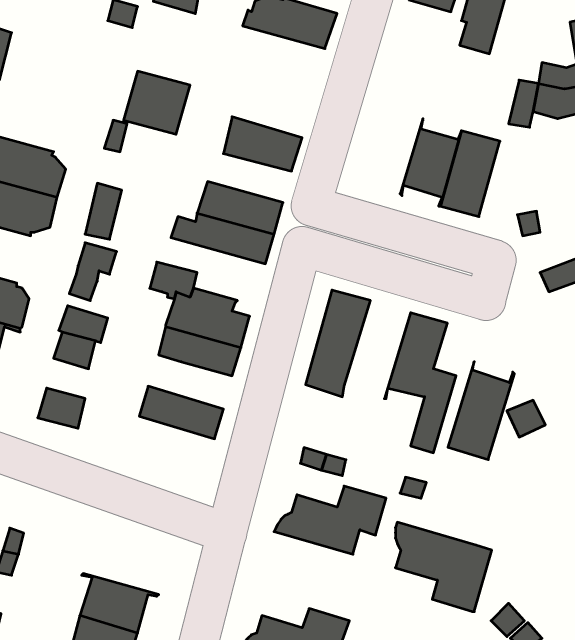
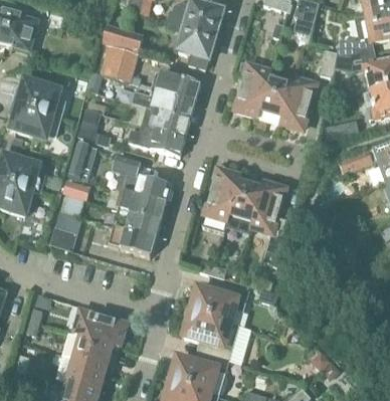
building: none -> [166,17,215,66]
building: none -> [103,22,143,51]
building: none -> [237,64,271,114]
building: none -> [131,89,196,119]
building: none -> [114,206,162,237]
building: [448,362,514,460] -> [226,175,264,231]
building: [395,522,492,612] -> [185,308,240,359]
building: none -> [76,310,126,344]

